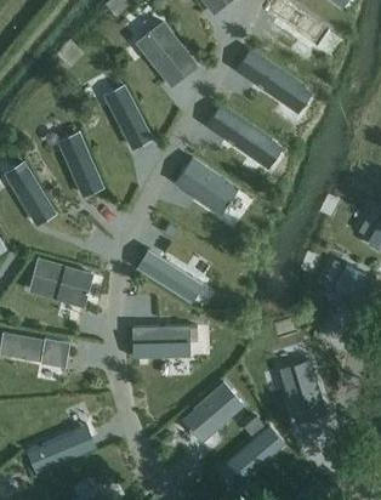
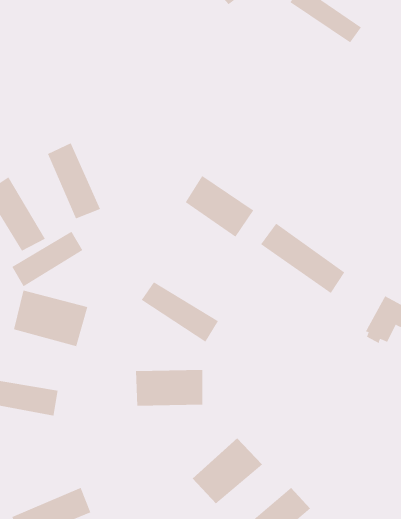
building: [136,21,199,86] -> none
building: [237,51,308,110] -> none
building: [103,85,153,149] -> none
building: [206,106,279,166] -> [260,223,345,294]
building: none -> [11,231,83,287]
building: [280,362,325,421] -> none

